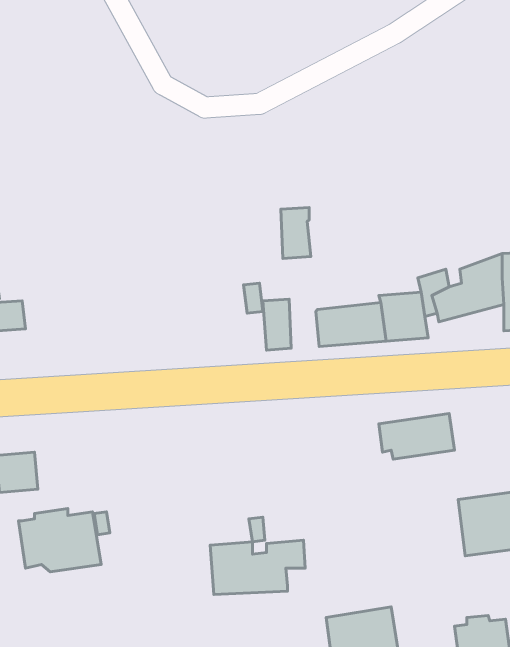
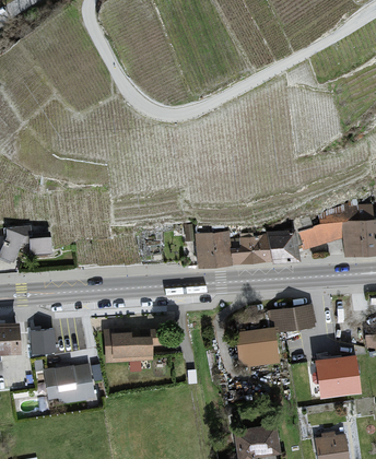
building: [281,207,311,258] -> [211,234,230,266]
building: none -> [234,329,279,370]
building: [210,540,305,595] -> [103,329,162,363]

